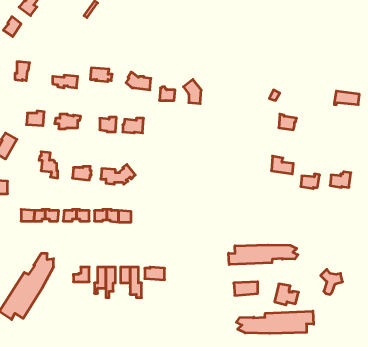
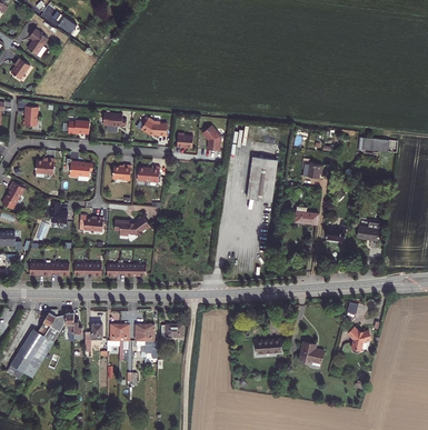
building: none -> [247,156,277,201]
building: [229,245,298,265] -> none
building: [236,311,314,333] -> none

